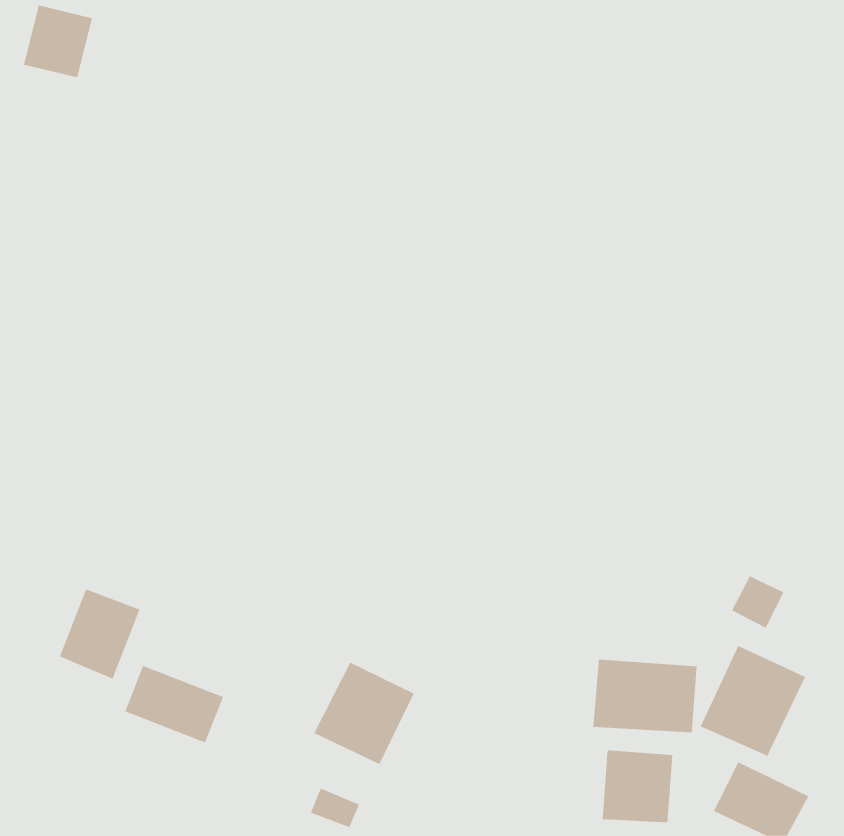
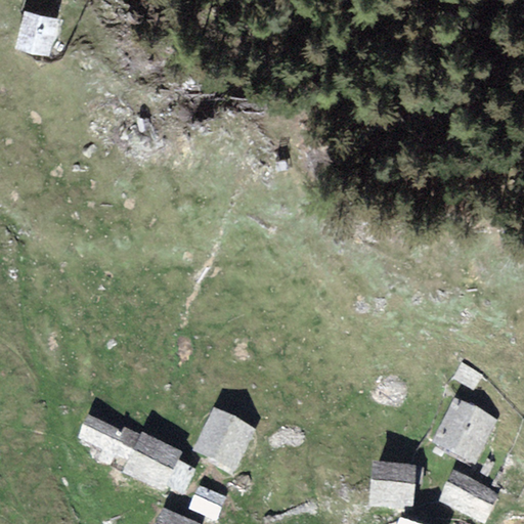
building: [59,588,140,679] -> none
building: [593,659,697,733] -> none
building: none -> [126,433,183,491]

